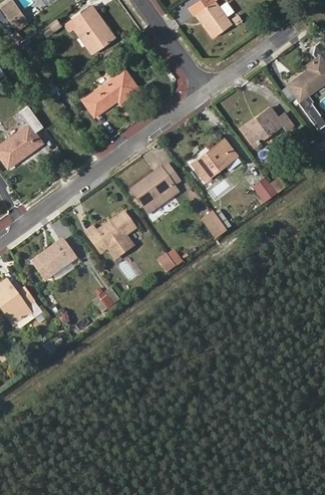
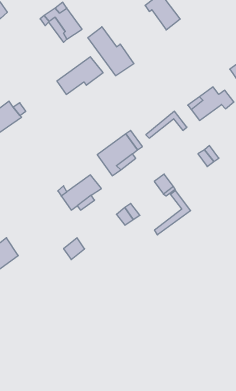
building: none -> [88,27,134,76]
building: [194,145,234,183] -> none
building: none -> [155,190,191,235]
building: [31,238,75,280] -> none

